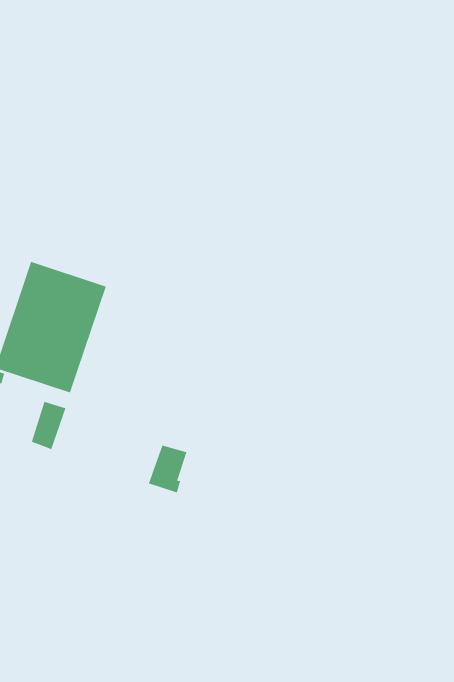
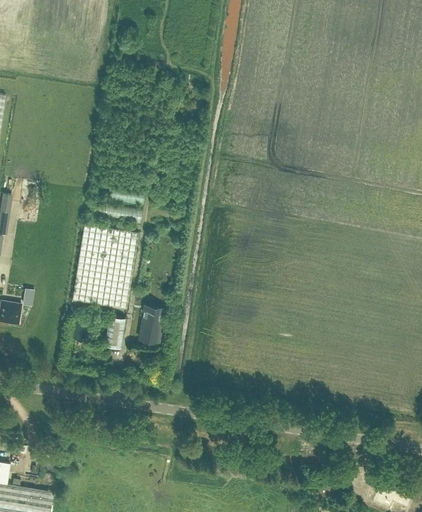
building: [148,444,188,493] -> [139,310,162,341]

